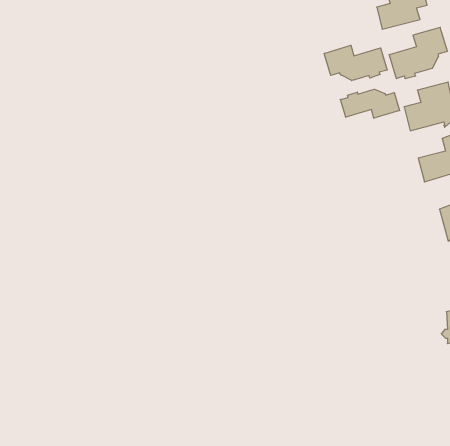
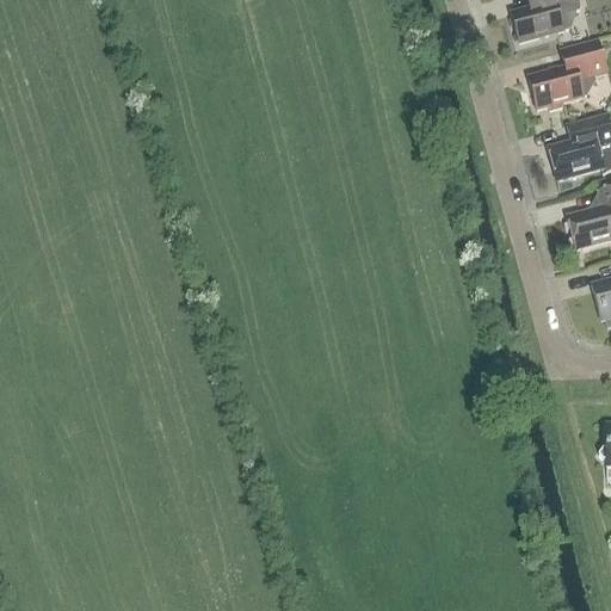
building: [324,45,387,81] -> none
building: [340,89,400,118] -> none

